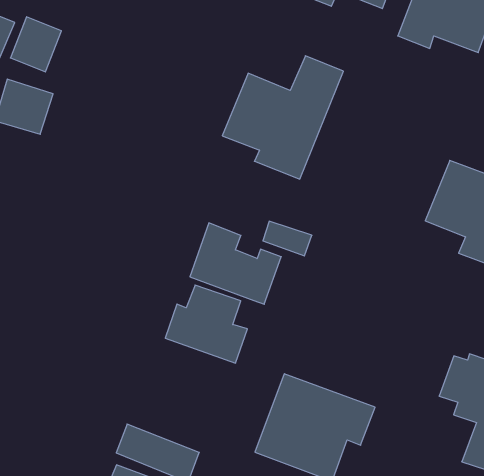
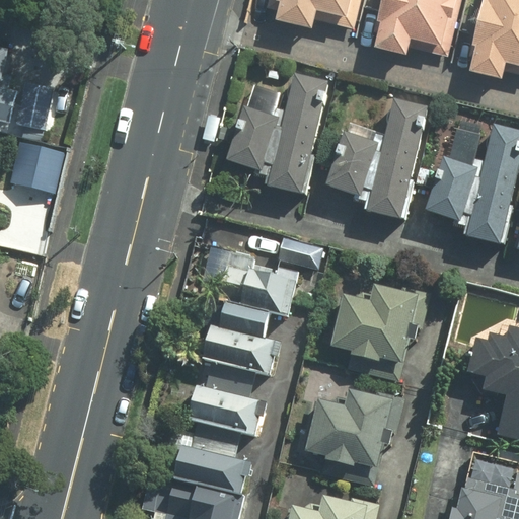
building: none -> [323,98,429,226]
building: none -> [331,282,429,363]
building: none -> [189,384,266,434]

